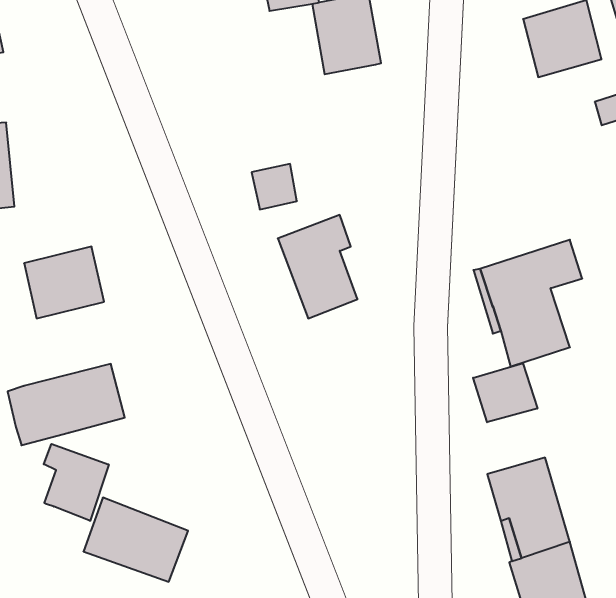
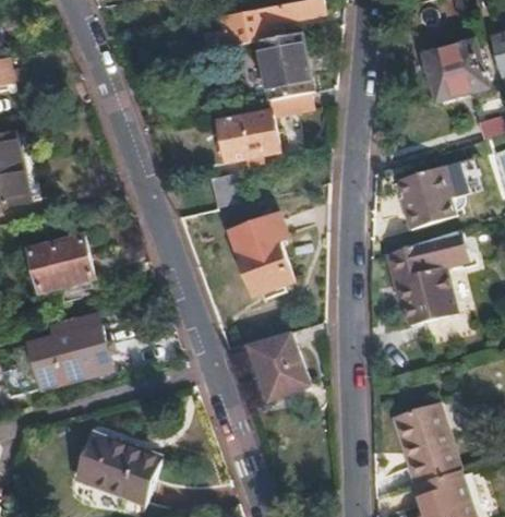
building: none -> [217,91,310,159]
building: none -> [402,165,462,232]
building: [473,363,537,422] -> none
building: none -> [253,341,309,396]
building: [44,444,109,521] -> none

